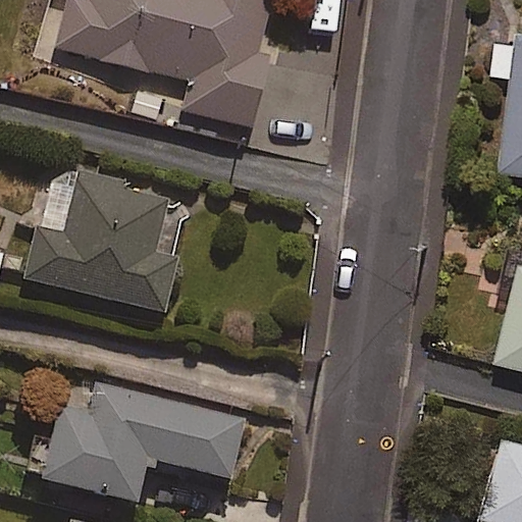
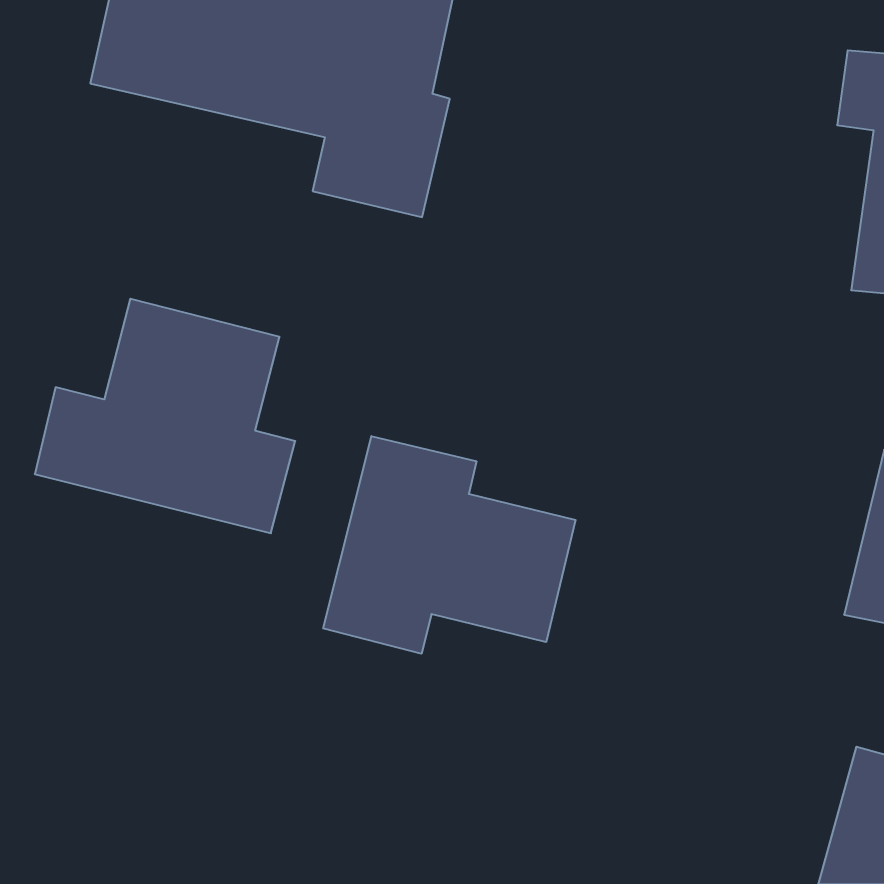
building: none -> [323,436,576,654]
building: [38,378,244,504] -> none

